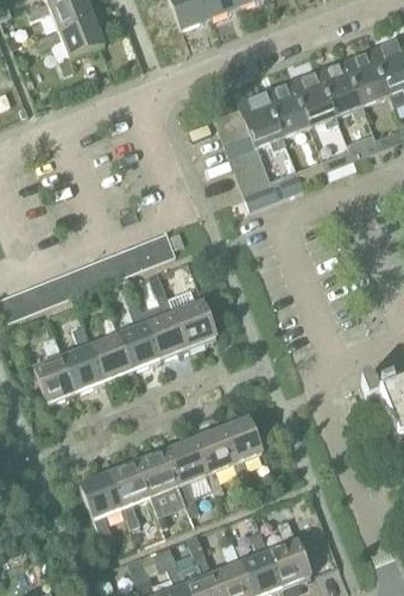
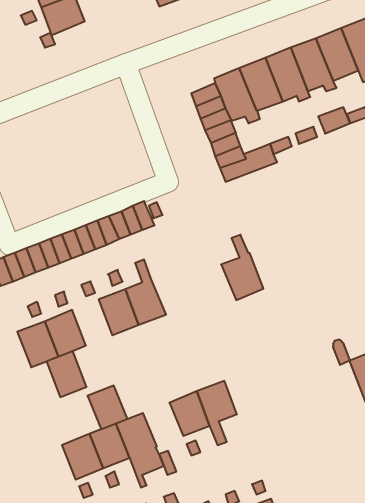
building: [172,278,216,346] -> [221,235,263,300]
building: [90,331,132,378] -> [47,351,87,397]
building: [164,438,206,483] -> [87,386,127,429]

